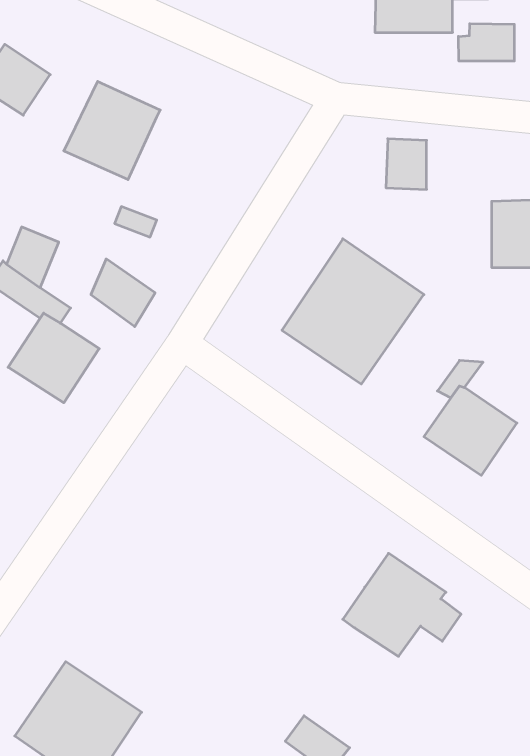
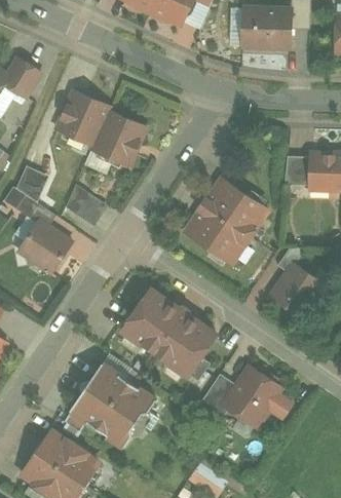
building: [458,24,514,61] -> none
building: none -> [87,101,146,161]
building: [386,139,427,189] -> [287,156,311,187]
building: none -> [120,288,217,377]
building: none -> [70,363,154,446]
building: none -> [200,376,234,420]

